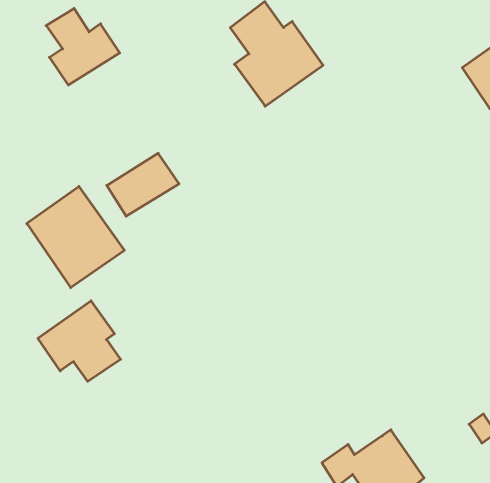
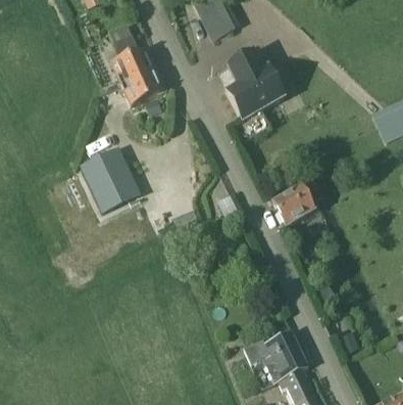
building: [107,153,179,216] -> [120,68,166,104]
building: none -> [272,183,314,223]
building: [38,301,121,381] -> none

